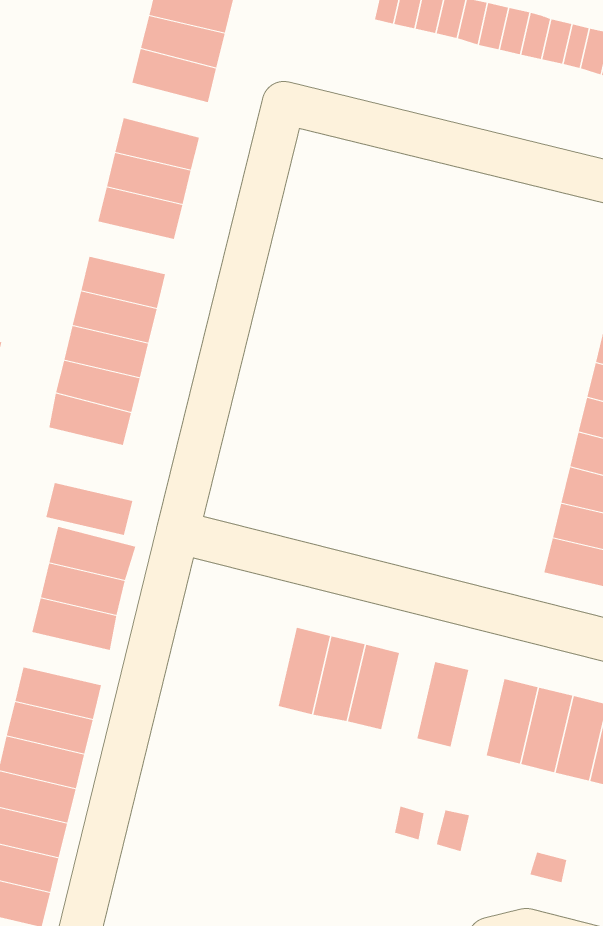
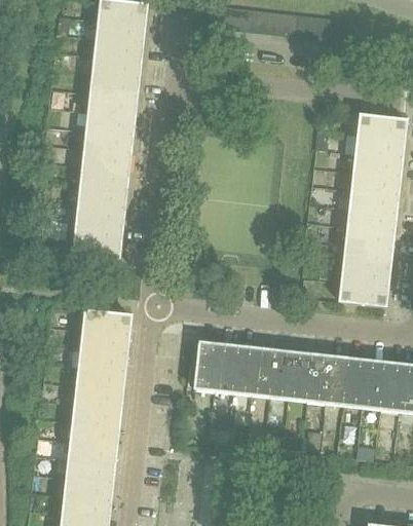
building: none -> [93,75,137,99]
building: none -> [85,149,128,172]
building: [46,483,133,536] -> [79,366,123,388]
building: none -> [195,343,218,387]
building: none -> [269,351,292,394]
building: none -> [306,355,329,399]

